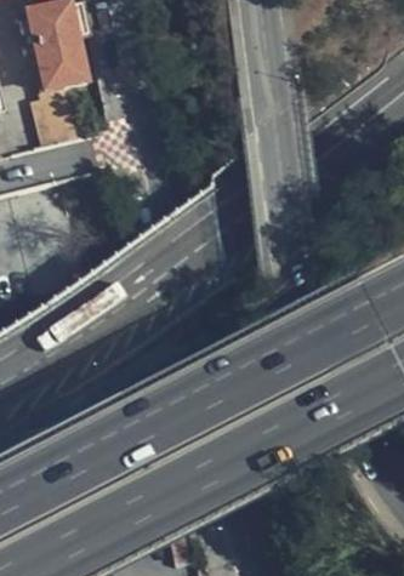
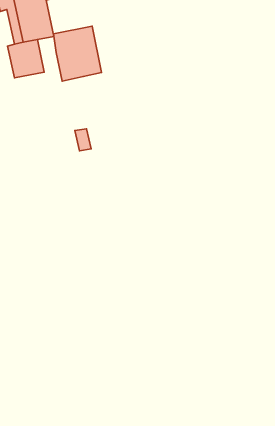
building: none -> [53,26,102,81]

